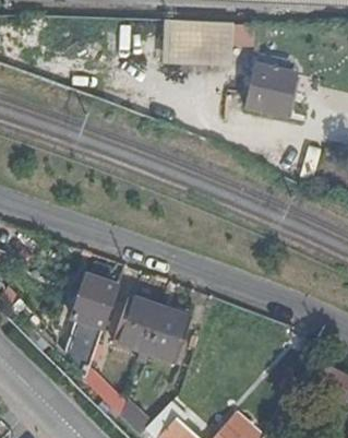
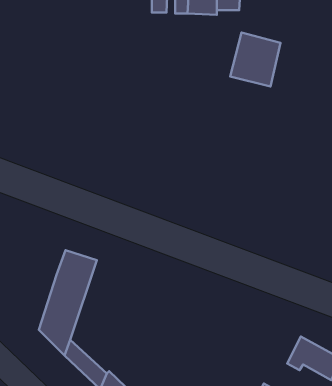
building: [110,293,187,359] -> none

